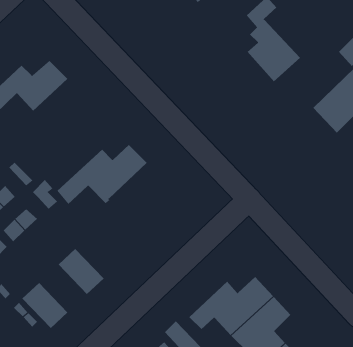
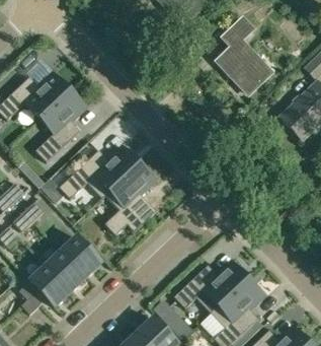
building: none -> [35,89,85,161]
building: none -> [105,162,156,235]
building: none -> [45,251,86,292]

